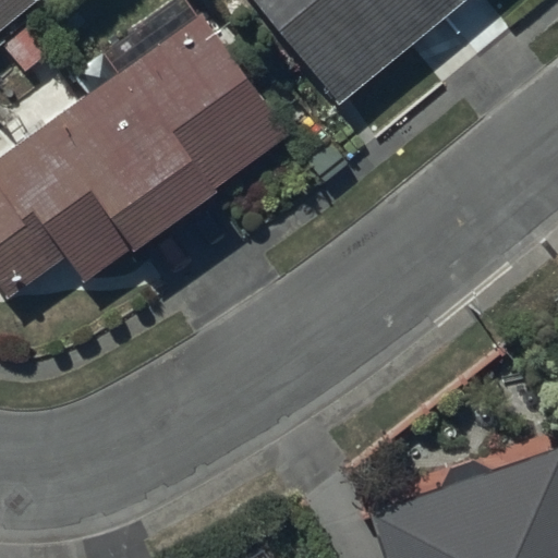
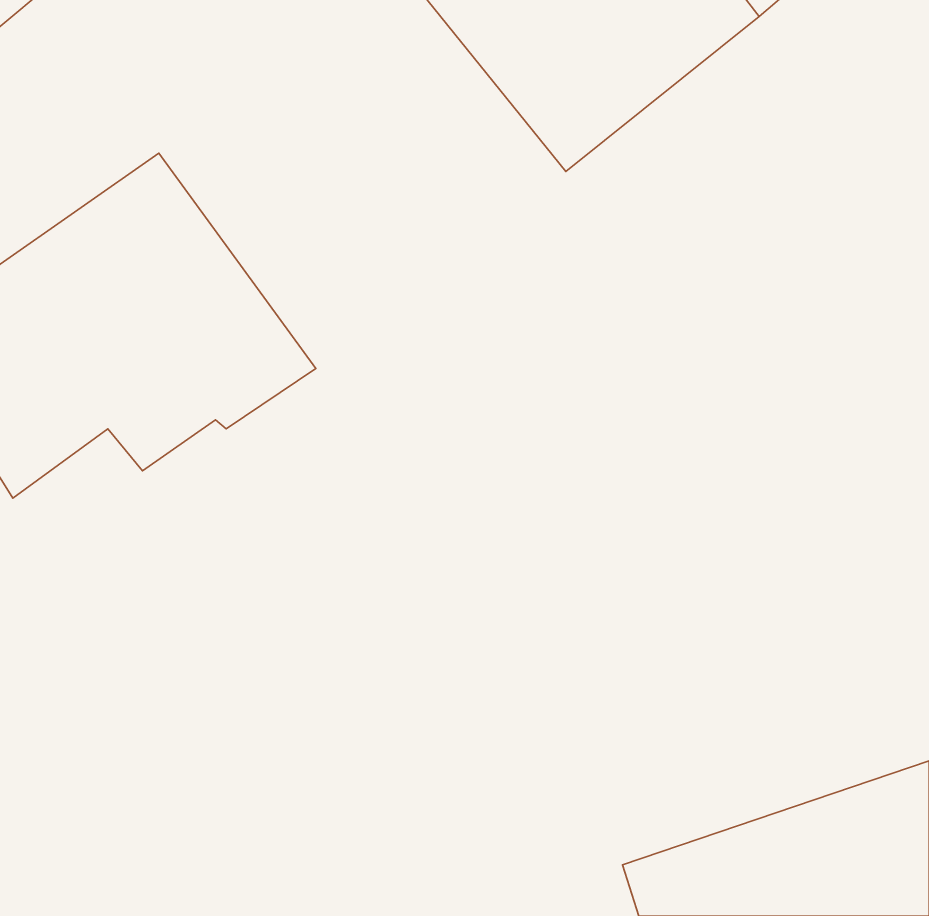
building: [95,15,288,220] -> none

